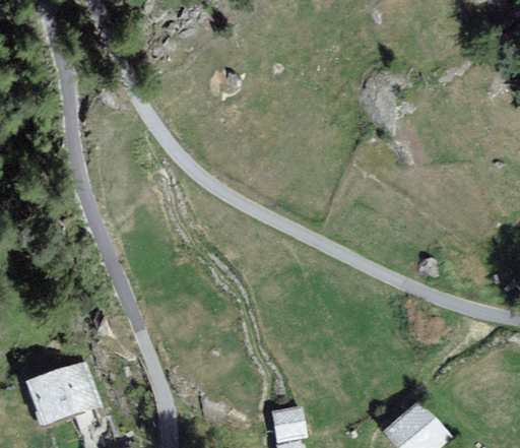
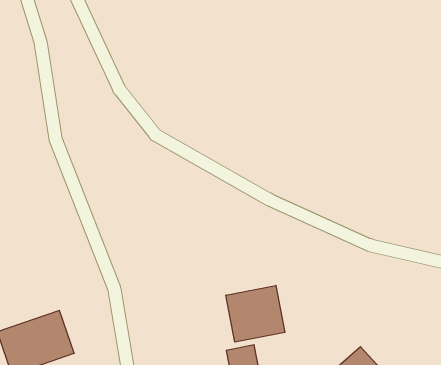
building: none -> [226,285,285,342]

